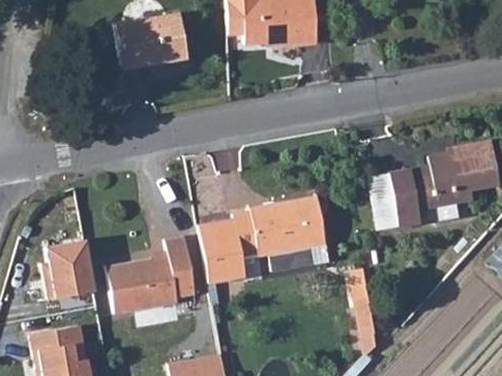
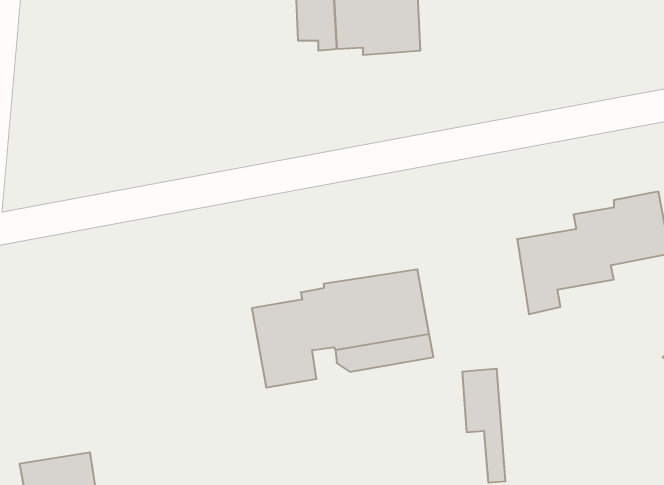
building: [115,11,188,67] -> none
building: [366,174,395,231] -> none
building: [107,238,195,317] -> none
building: [45,241,96,302] -> none

